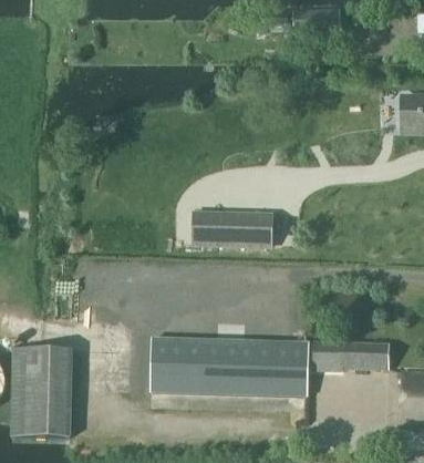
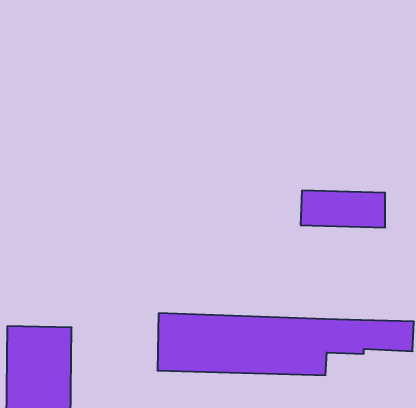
building: [192,212,270,246] -> [301,191,385,227]

